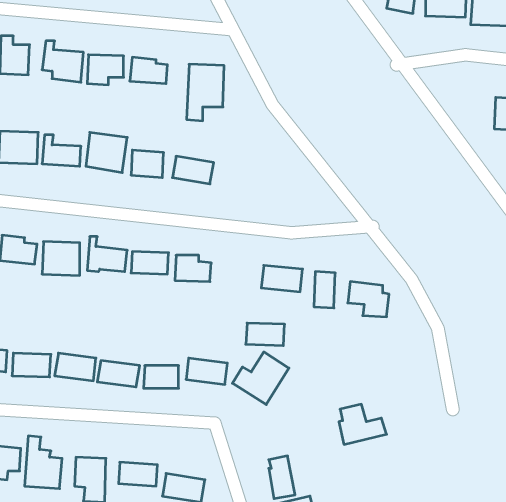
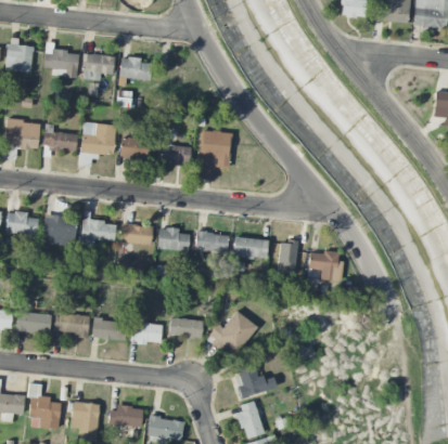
building: [187,64,224,121] -> [199,130,231,179]
building: [246,323,285,346] -> [195,232,229,251]
building: [339,404,387,444] -> [236,363,278,397]

